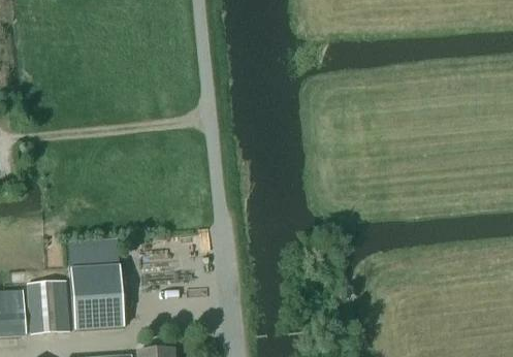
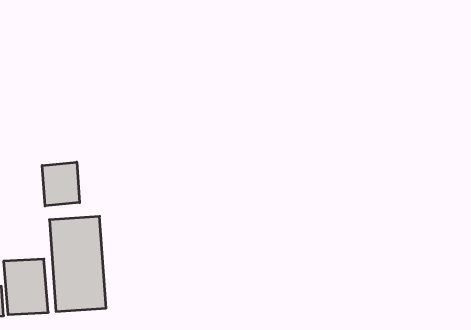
building: none -> [42,162,80,206]

